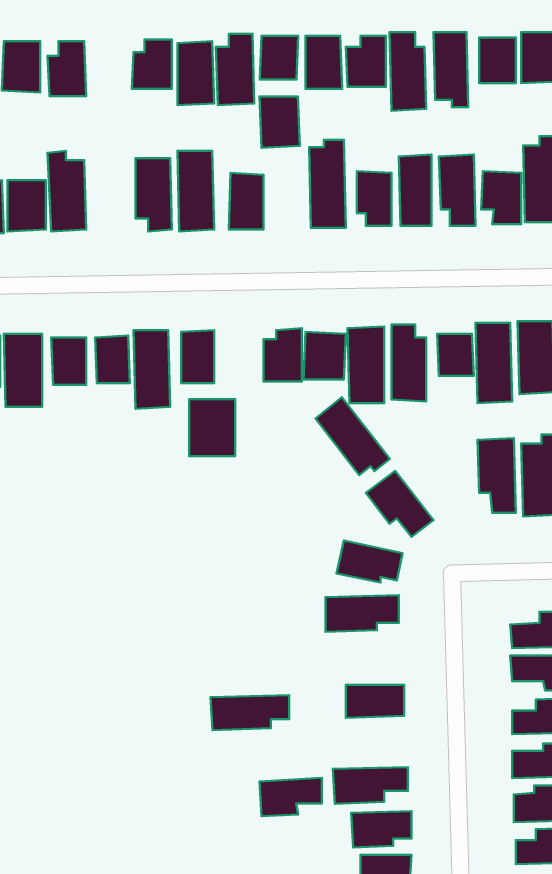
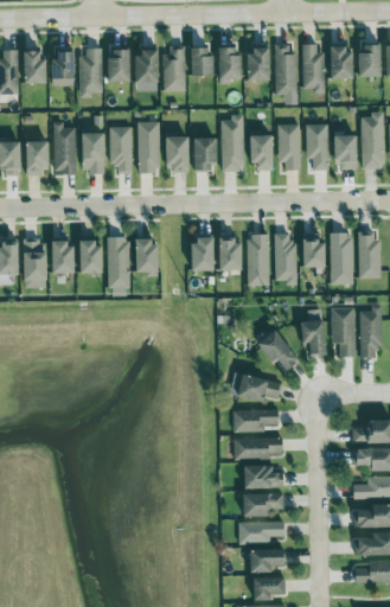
building: none -> [79,47,102,97]
building: [260,97,300,148] -> [192,138,218,171]
building: none -> [82,132,104,172]
building: [315,397,390,475] -> none
building: [189,399,235,456] -> none
building: none -> [300,321,327,356]
building: [211,695,289,730] -> [231,437,282,460]
building: [260,778,322,816] -> [243,492,283,517]

